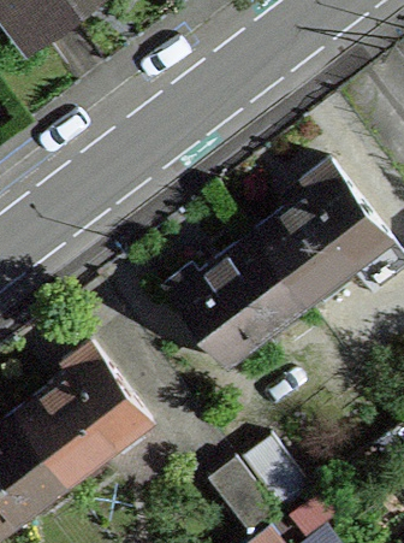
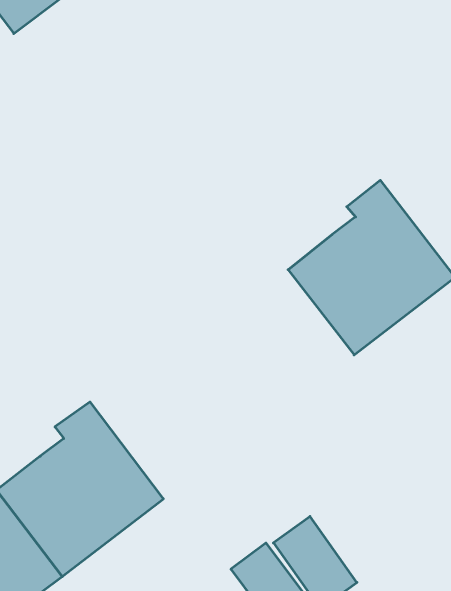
building: [164,235,308,368] -> none

